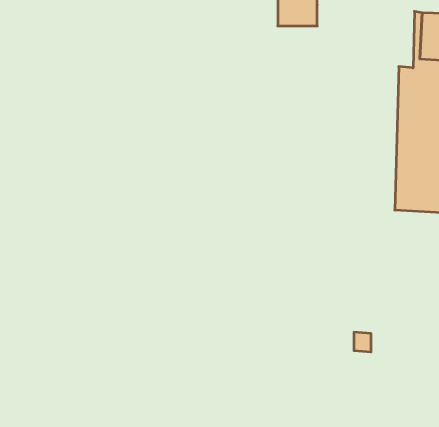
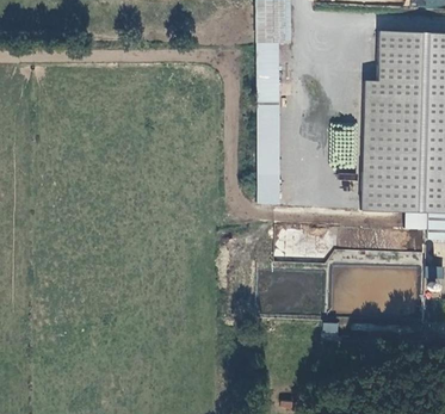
building: none -> [255,44,279,205]

